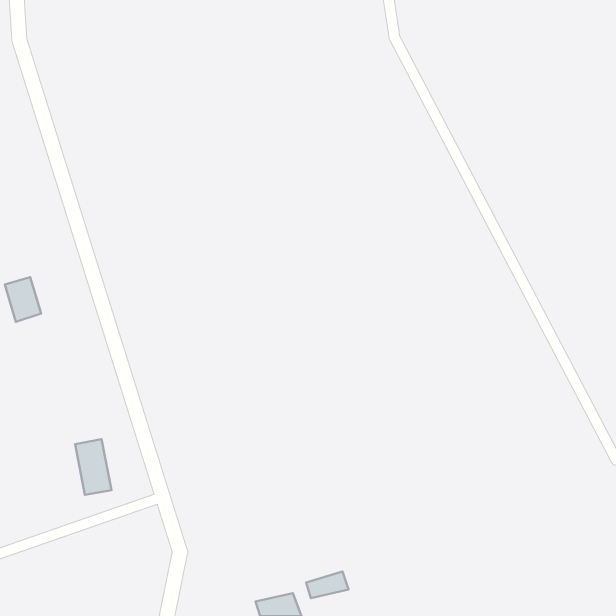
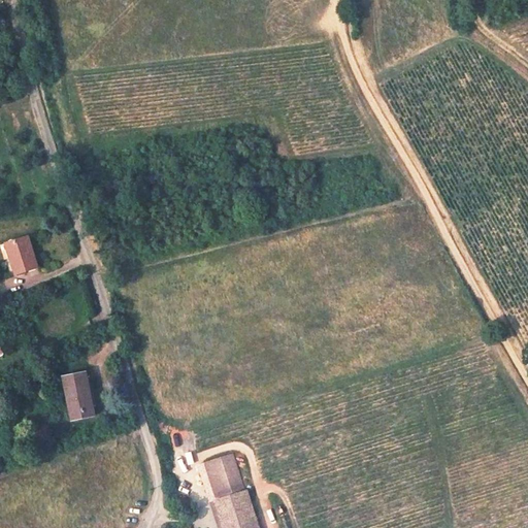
building: none -> [201,453,240,492]
building: [306,571,348,598] -> [213,490,250,513]

